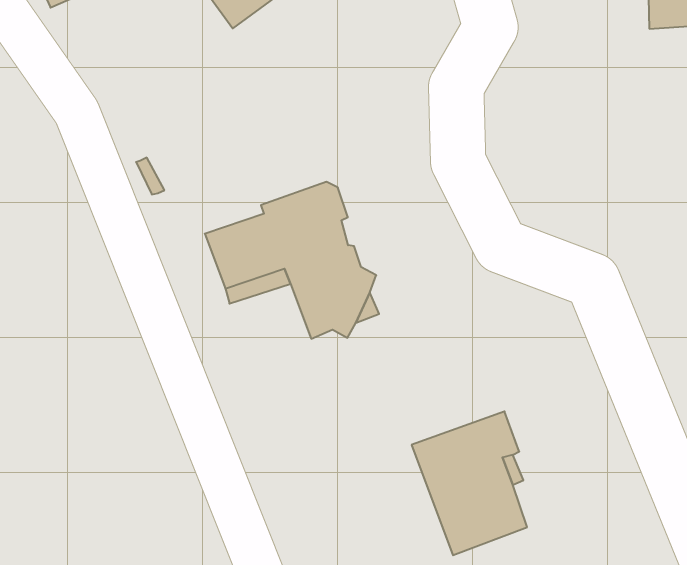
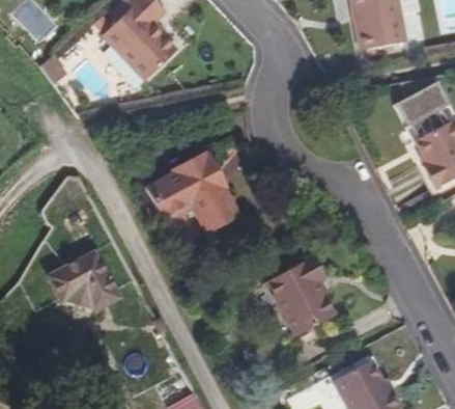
building: none -> [59,248,127,307]

